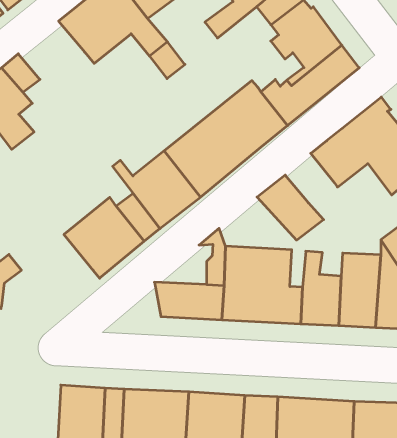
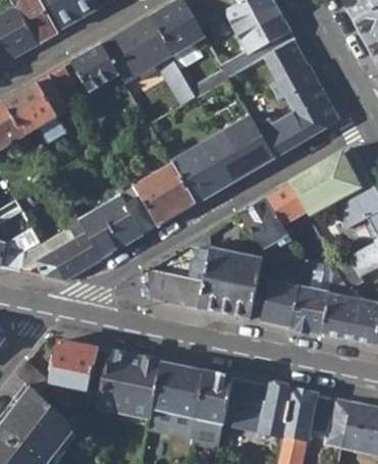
building: none -> [72,45,118,91]
building: none -> [265,184,304,223]
building: none -> [26,218,102,279]

